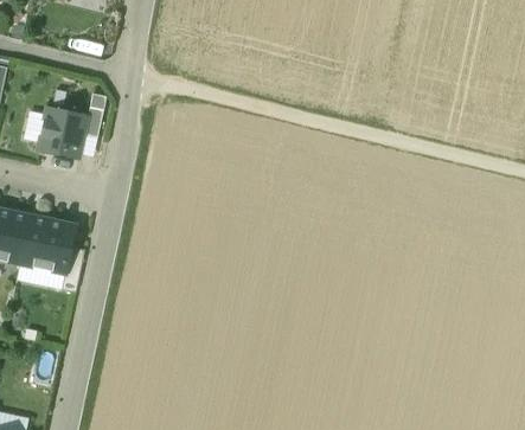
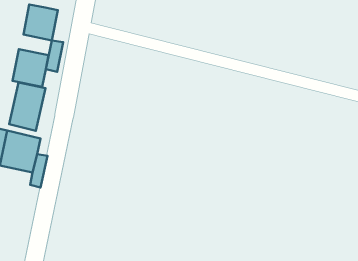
building: none -> [23,4,58,40]
building: none -> [9,83,45,131]

